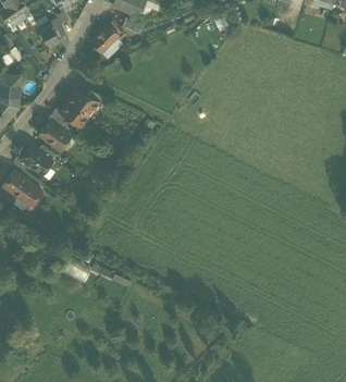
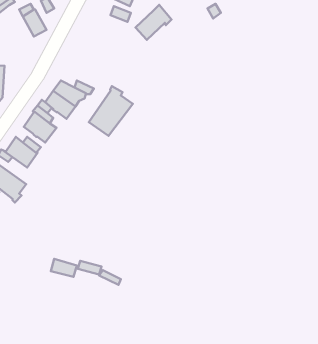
building: [89,20,124,53] -> [136,5,172,40]
building: none -> [89,86,133,136]

